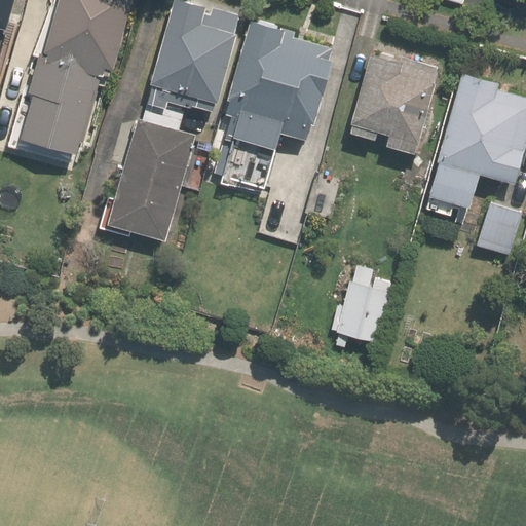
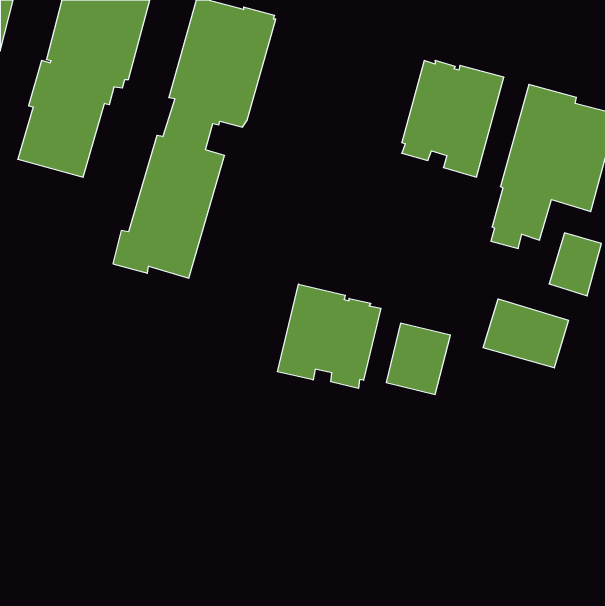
building: [215,21,333,189] -> none
building: none -> [278,284,381,388]
building: none -> [483,299,568,368]

